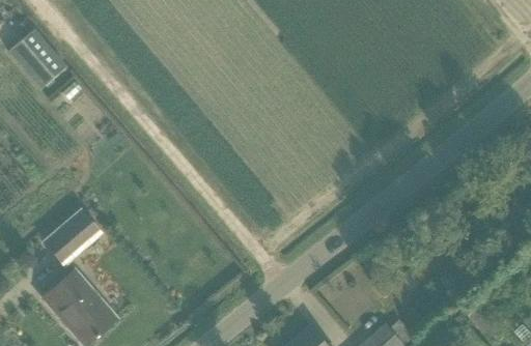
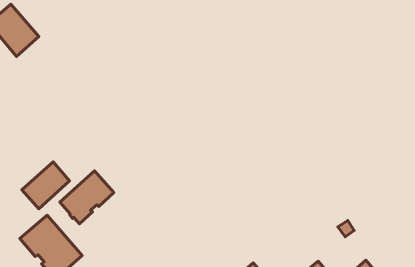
building: none -> [60,171,114,224]

